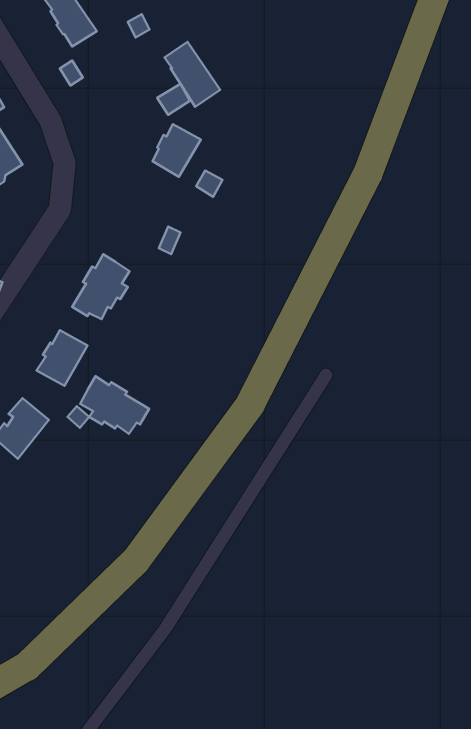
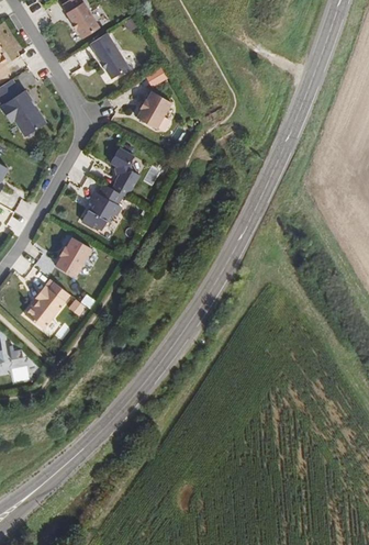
building: [164,42,220,107] -> [88,32,127,78]
building: none -> [109,148,137,198]
building: [80,376,149,434] -> none

